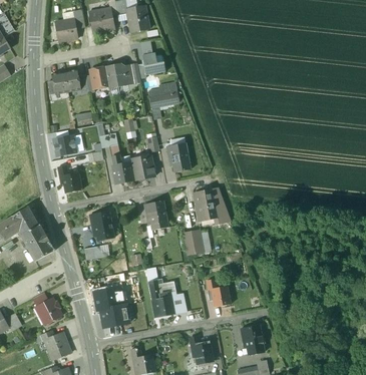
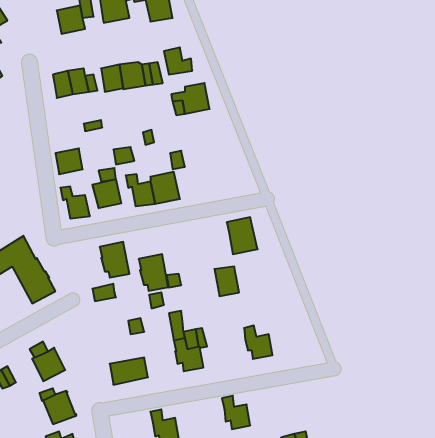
building: [166,143,191,171] -> none
building: none -> [92,179,121,208]
building: [144,200,168,230] -> [139,254,168,291]
building: [241,327,264,354] -> none

